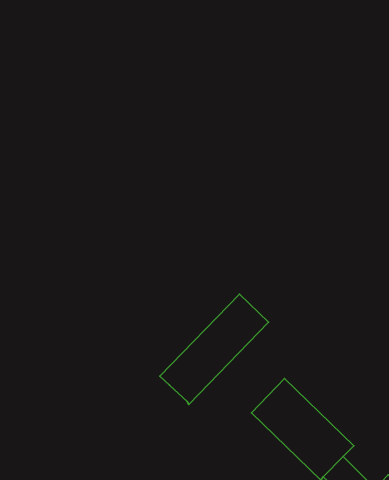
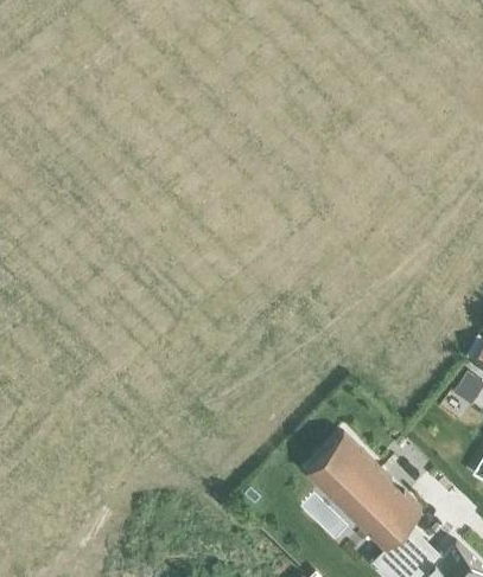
building: [160,294,269,404] -> none

